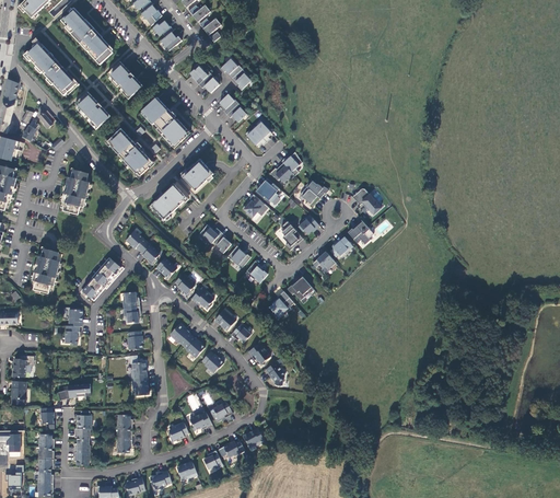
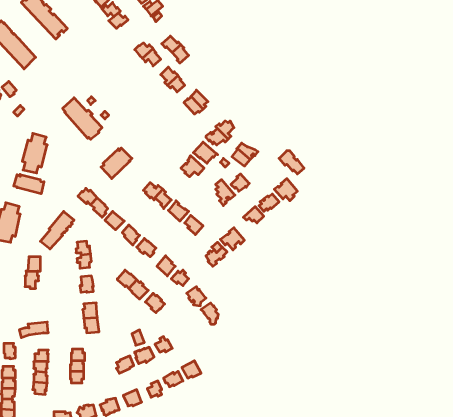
building: [107,62,142,97] -> none
building: [74,93,109,127] -> none
building: [142,96,186,143] -> none
building: [180,161,213,190] -> none
building: none -> [14,174,44,194]

